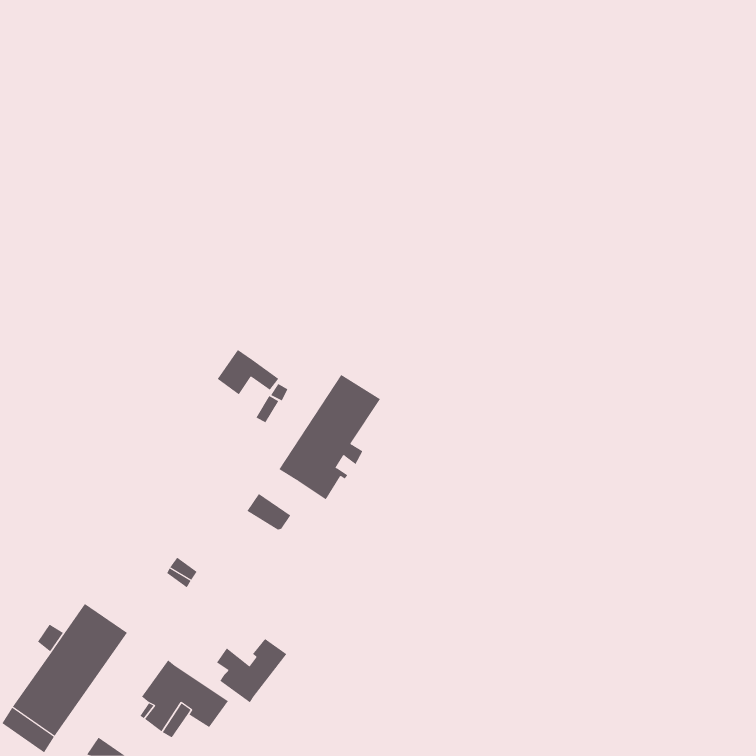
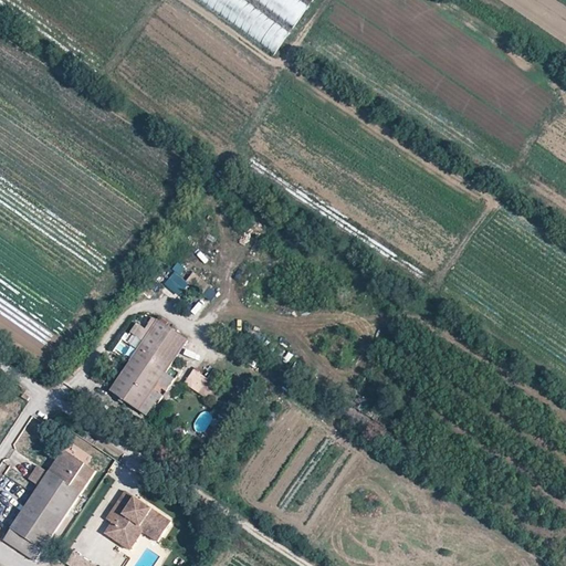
building: [278,374,381,500] -> [109,319,186,413]
building: [216,638,287,703] -> none

